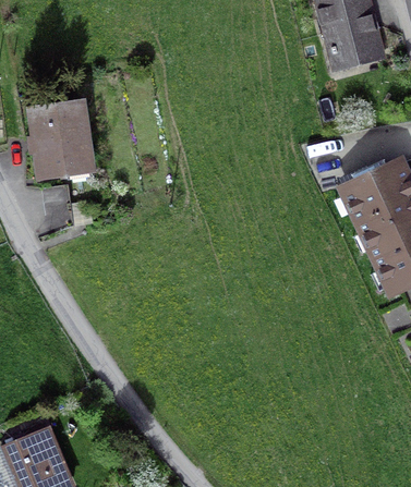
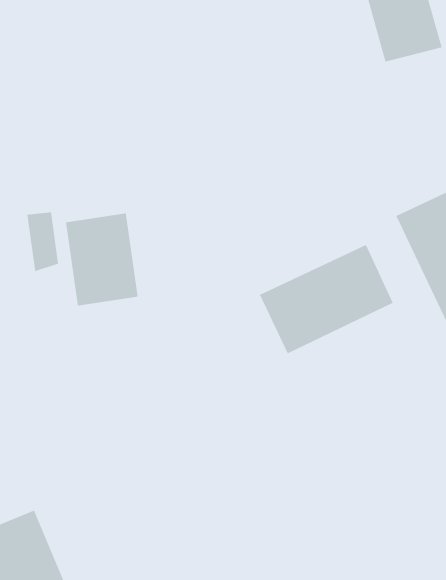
building: [31,101,90,178] -> [65,213,139,306]
building: none -> [259,244,393,354]

